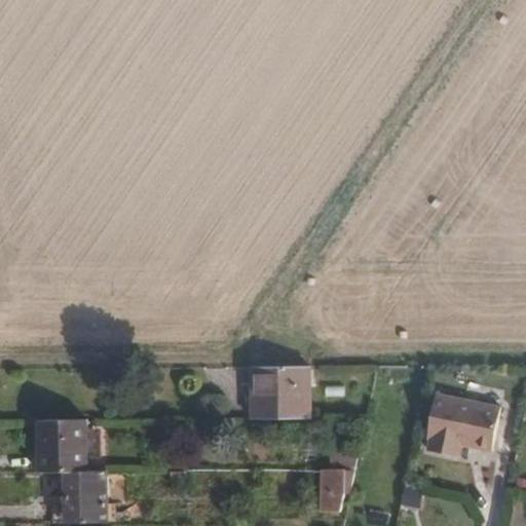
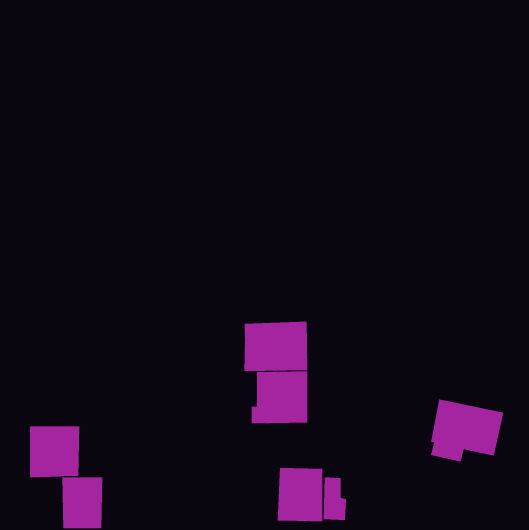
building: none -> [244,321,308,372]
building: none -> [277,467,323,522]

